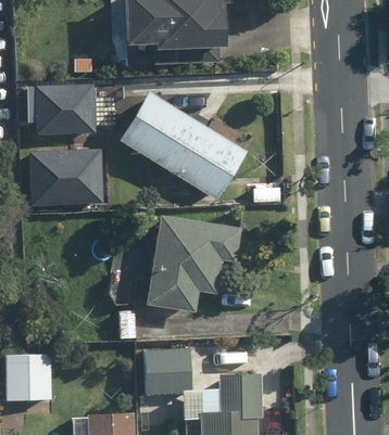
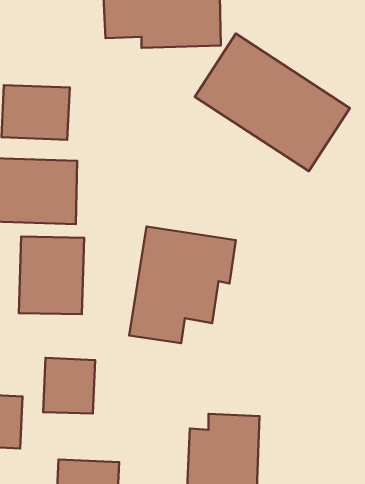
building: [115,88,251,208] -> [195,34,350,171]
building: none -> [19,237,84,314]
building: [143,349,189,398] -> [43,358,95,414]

